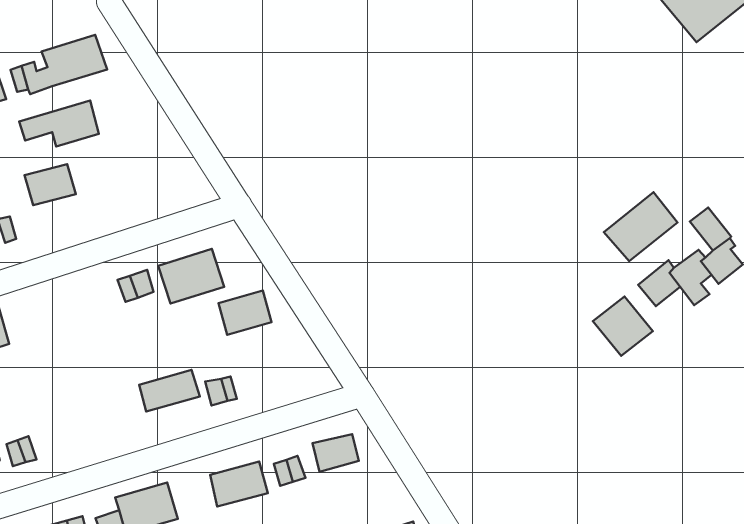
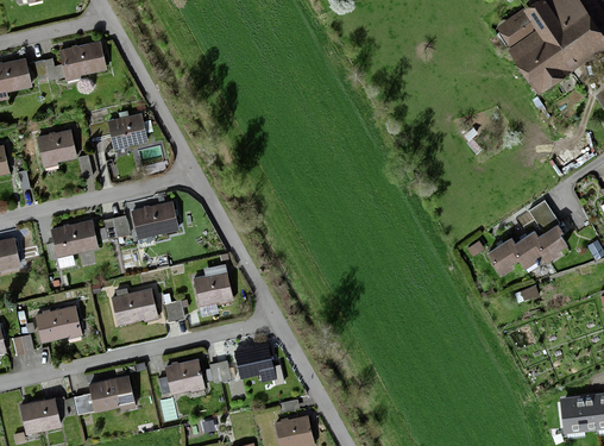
building: [19,100,99,146] -> [87,114,145,146]
building: [604,192,677,261] -> none
building: none -> [52,222,101,262]
building: [218,291,271,335] -> [195,275,233,306]
building: [593,297,653,356] -> none
building: none -> [38,310,82,341]

